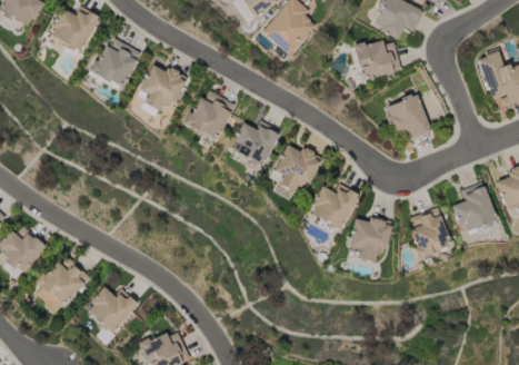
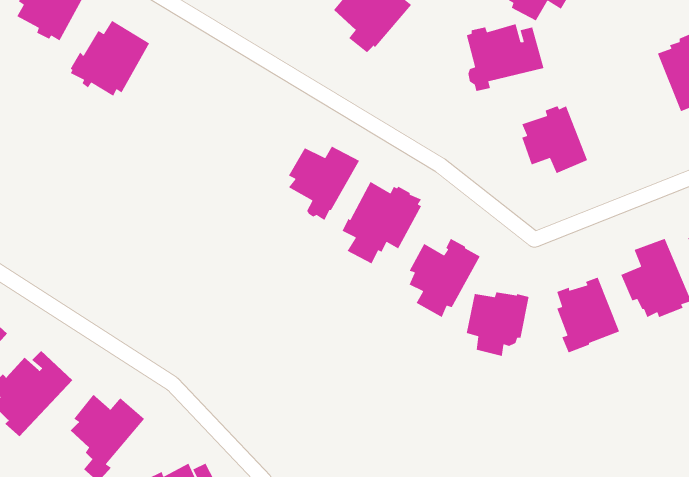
building: [138,65,188,117] -> none
building: [182,90,236,142] -> none

